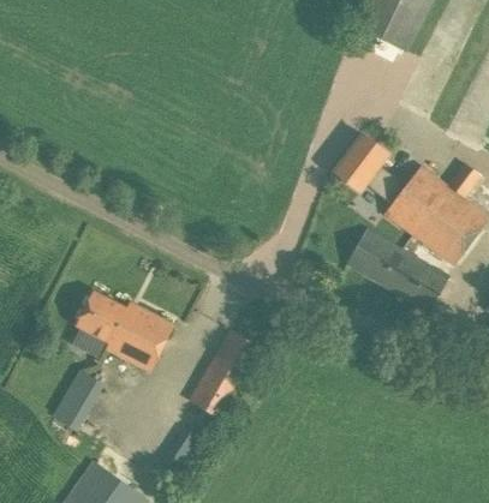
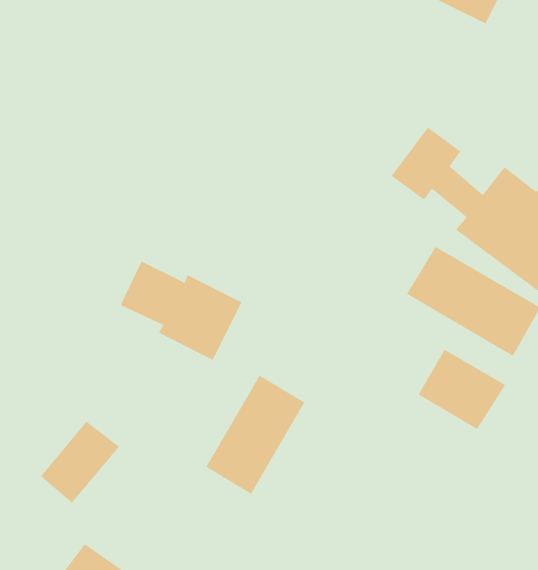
building: [76,292,172,370] -> [120,261,242,360]
building: none -> [418,349,506,430]

